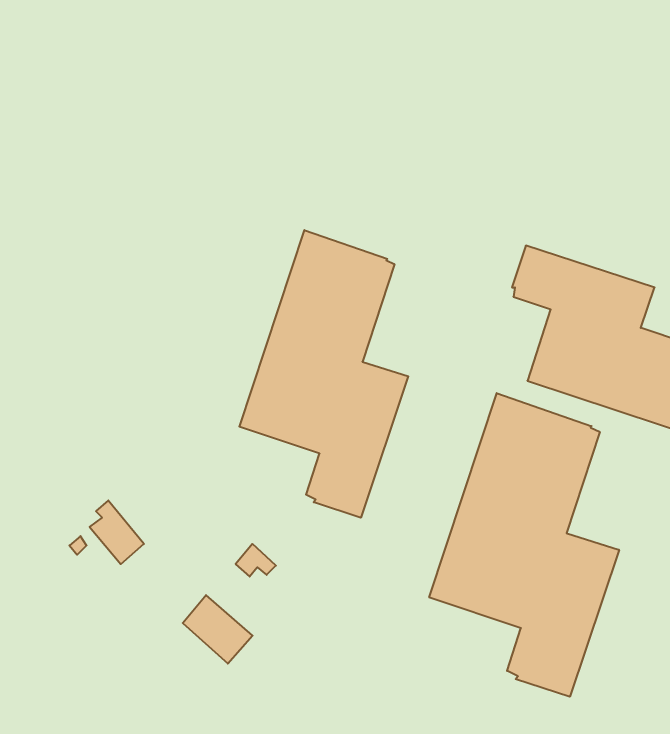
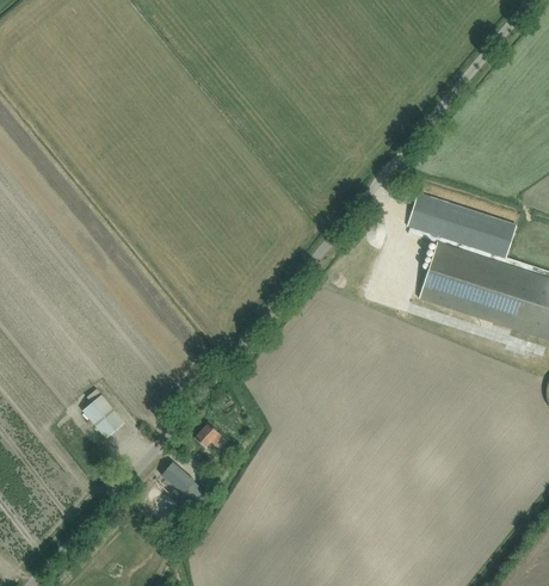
building: [239,230,408,518] -> none
building: [429,393,619,697] -> none

